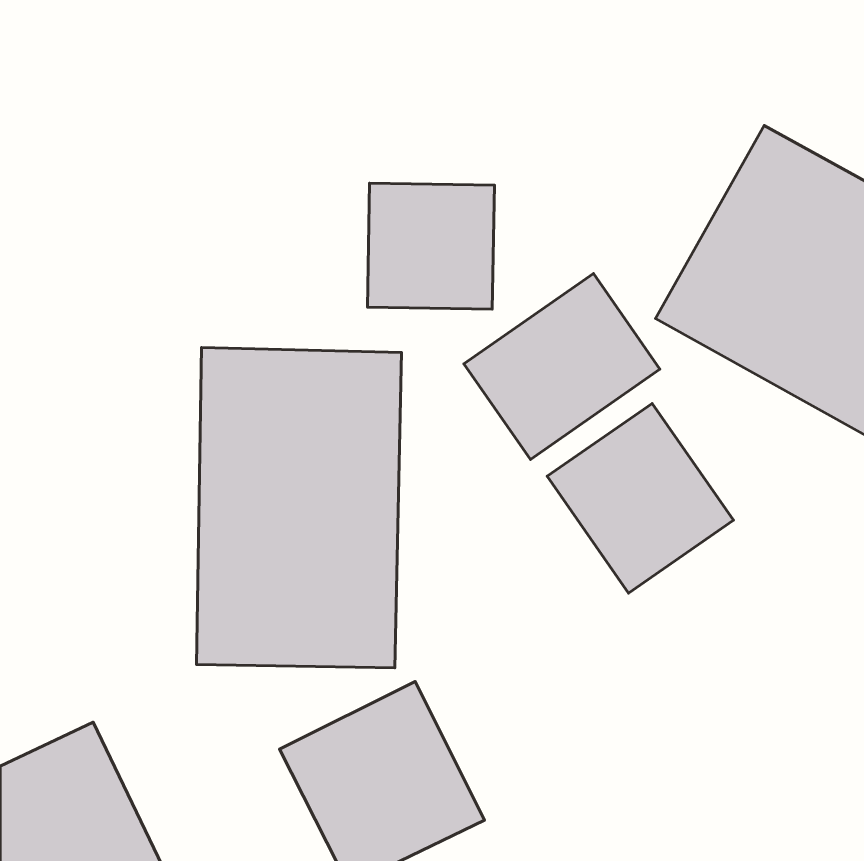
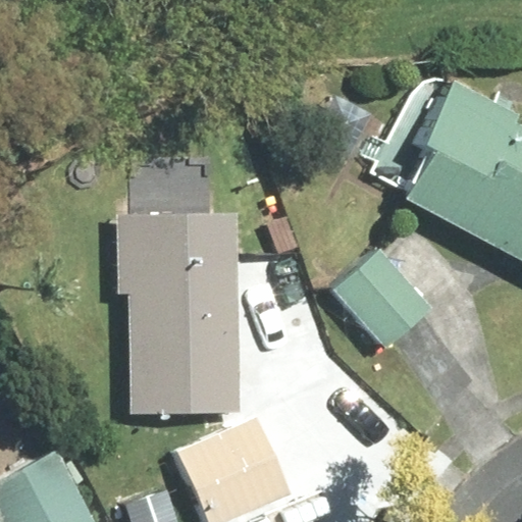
building: [367,183,494,309] -> none
building: [464,273,660,459] -> none

